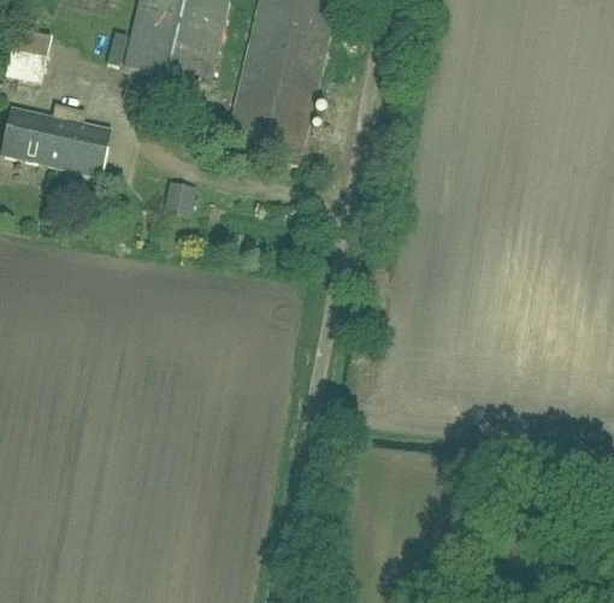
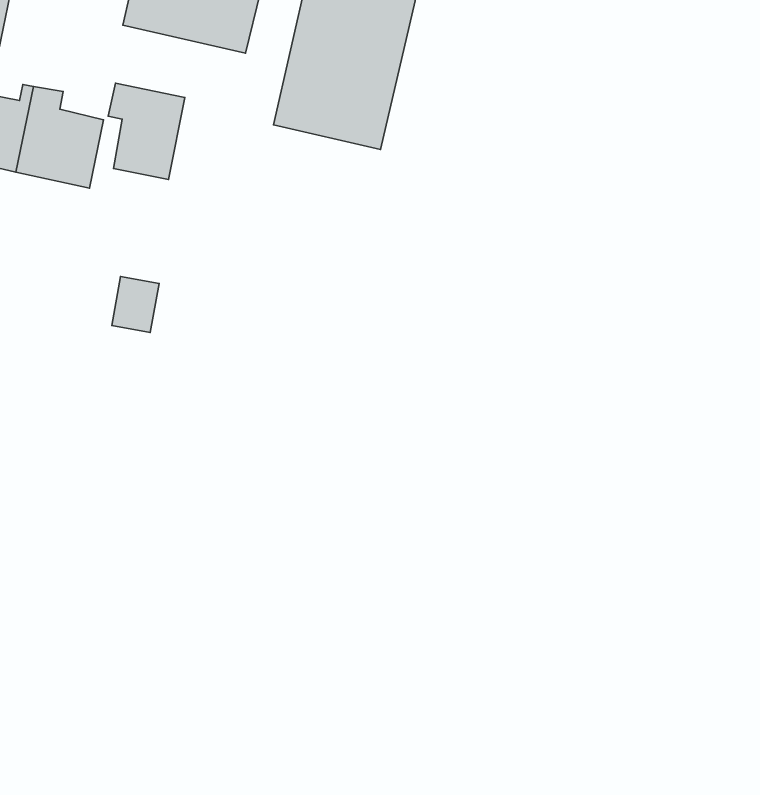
building: none -> [108,83,185,180]
building: [163,179,195,218] -> [112,277,159,333]

